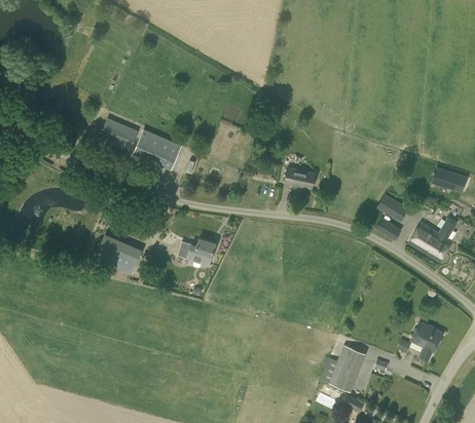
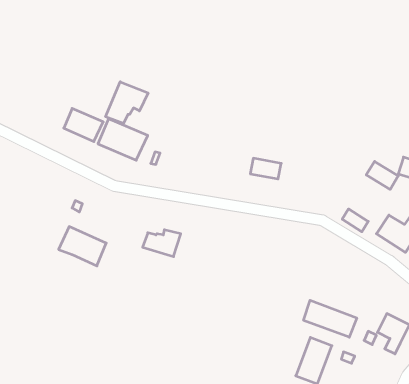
building: none -> [106,82,148,123]
building: [376,194,408,222] -> [366,161,398,189]
building: none -> [304,300,357,337]

